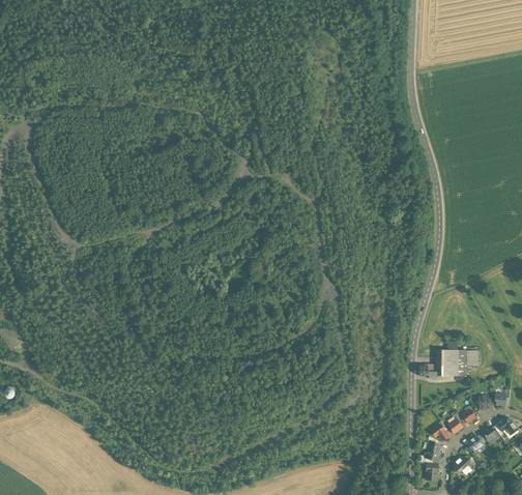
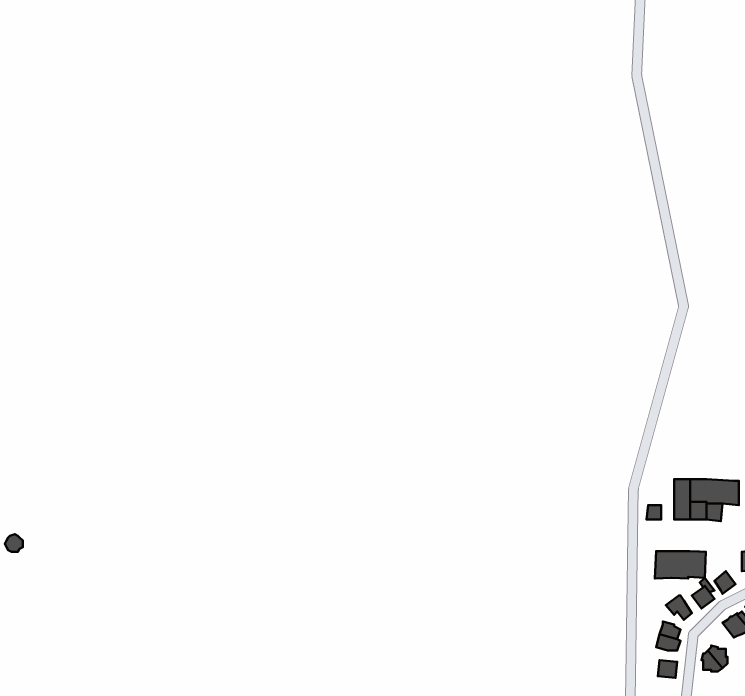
building: none -> [655,551,706,579]

